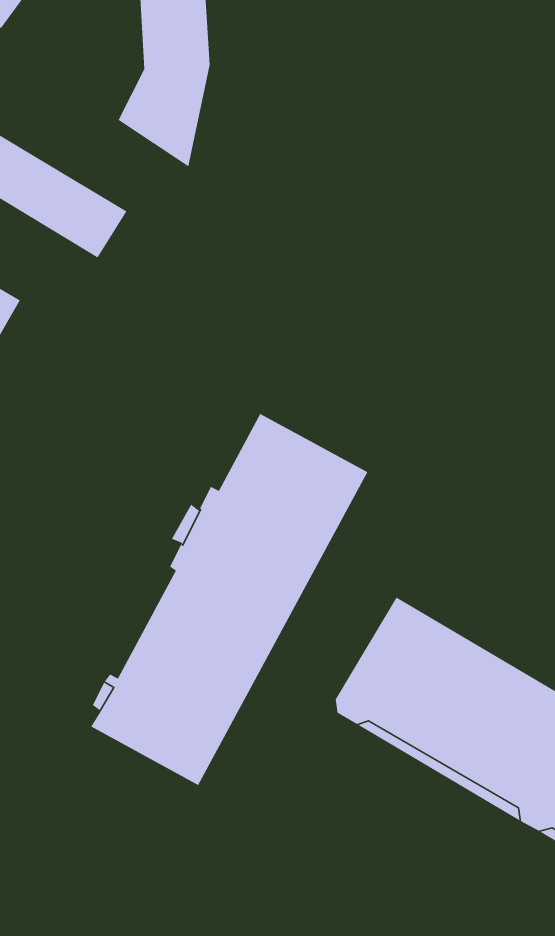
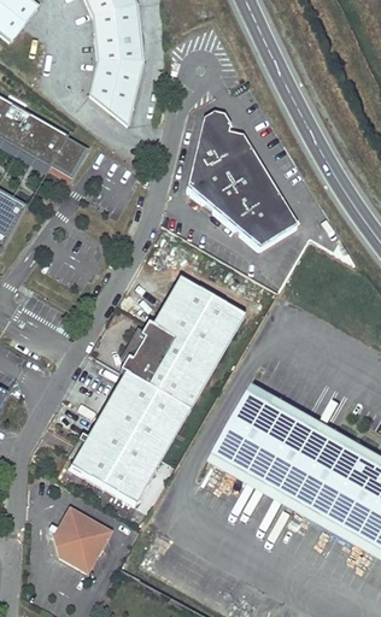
building: none -> [187,111,292,240]
building: none -> [55,509,110,570]

